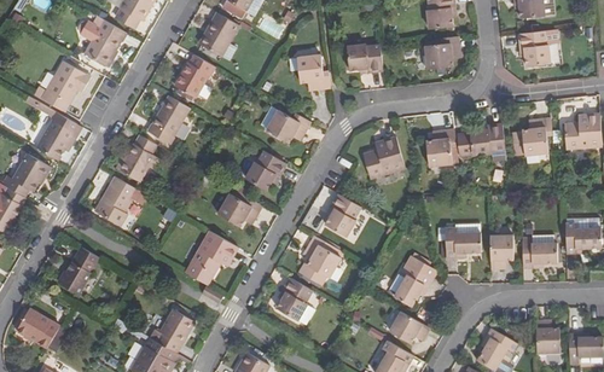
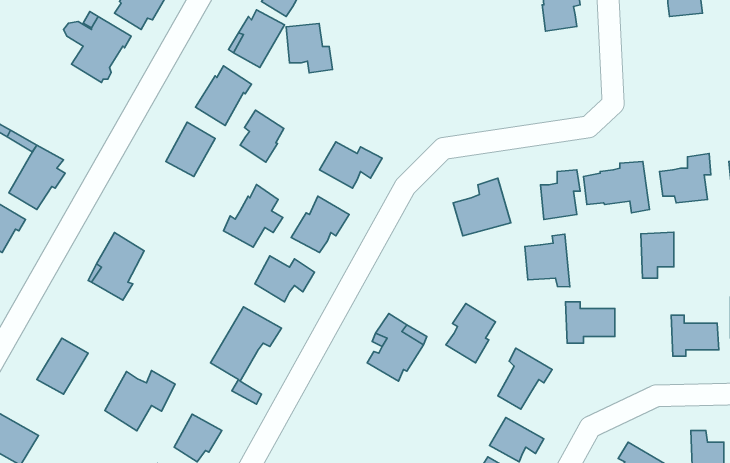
building: [518,30,550,64] -> none
building: [426,35,459,68] -> none
building: [347,43,383,71] -> none
building: [296,54,330,91] -> [286,23,332,73]
building: [41,59,91,110] -> none
building: none -> [240,110,284,162]
building: [116,133,159,179] -> [224,185,283,247]
building: none -> [525,234,570,287]
building: [325,193,361,237] -> [446,304,495,363]
building: [489,233,513,267] -> [641,232,674,278]
building: none -> [105,370,175,431]
building: [277,277,315,322] -> none

